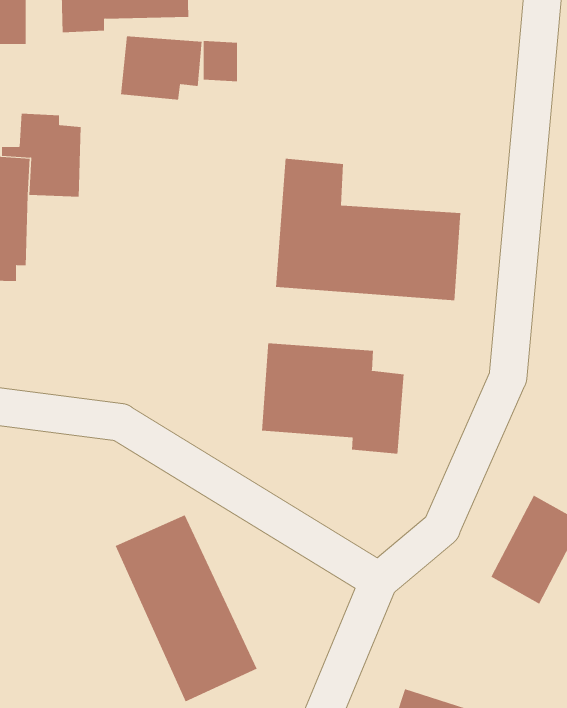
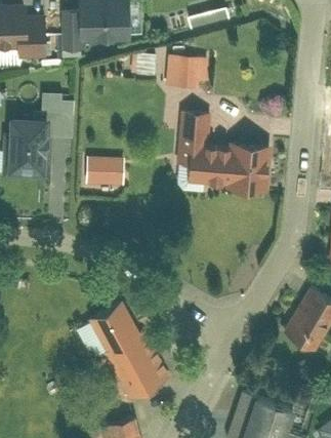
building: [120,36,202,100] -> [167,56,210,90]
building: none -> [85,160,115,188]
building: [261,343,404,455] -> none

